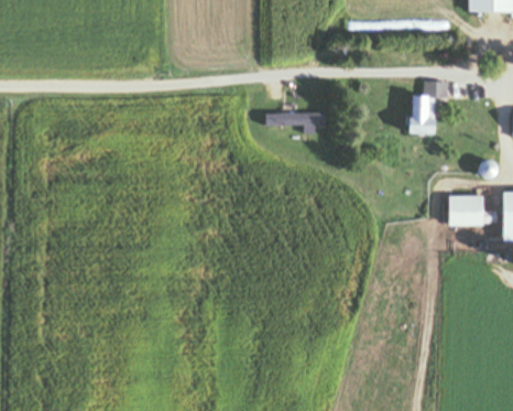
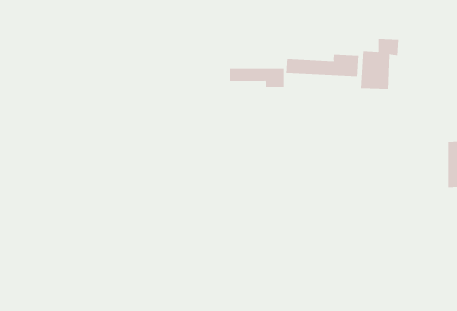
building: none -> [286,54,359,77]
building: [448,195,484,225] -> none

